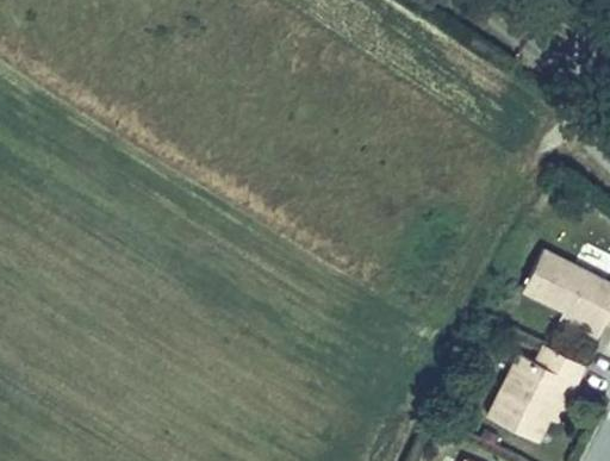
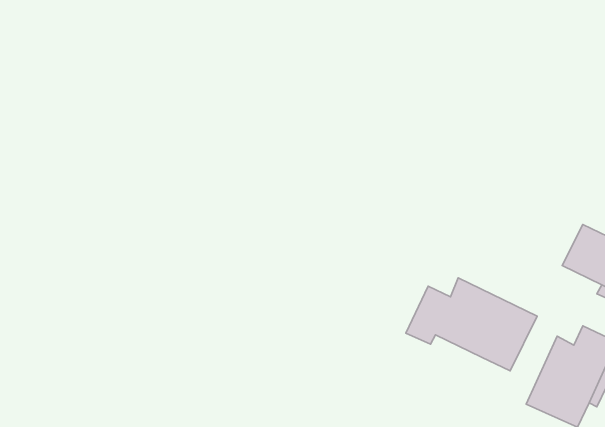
building: none -> [406,278,537,371]

